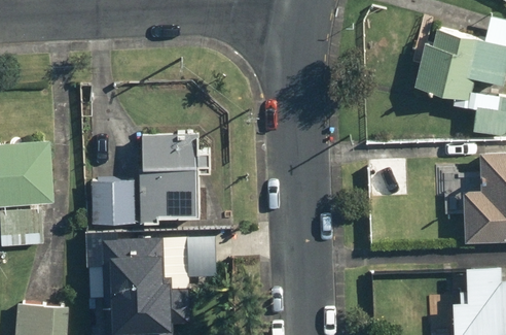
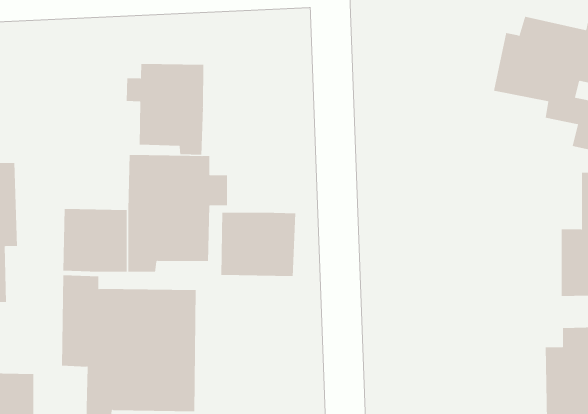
building: none -> [126,63,204,156]
building: none -> [221,212,296,277]

